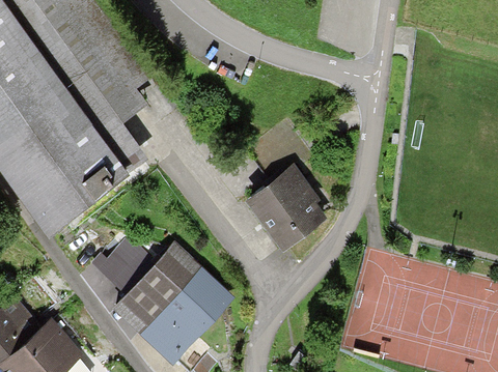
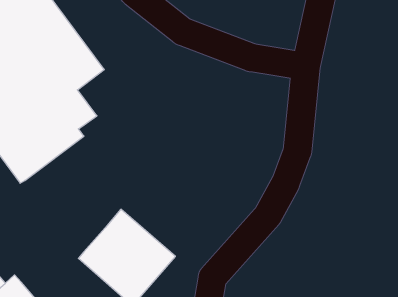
building: [246,174,319,249] -> none
building: [96,252,147,295] -> none

